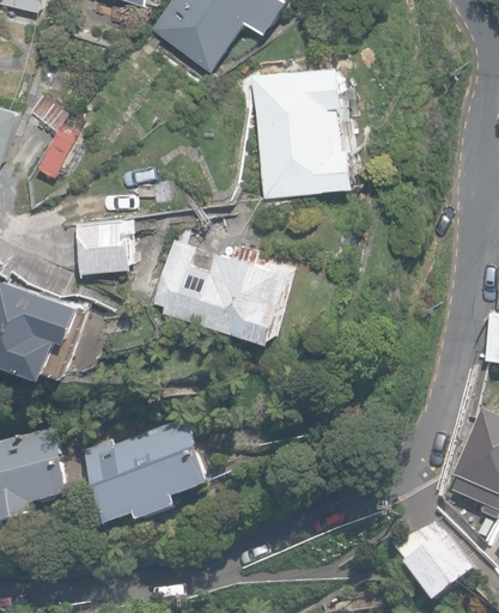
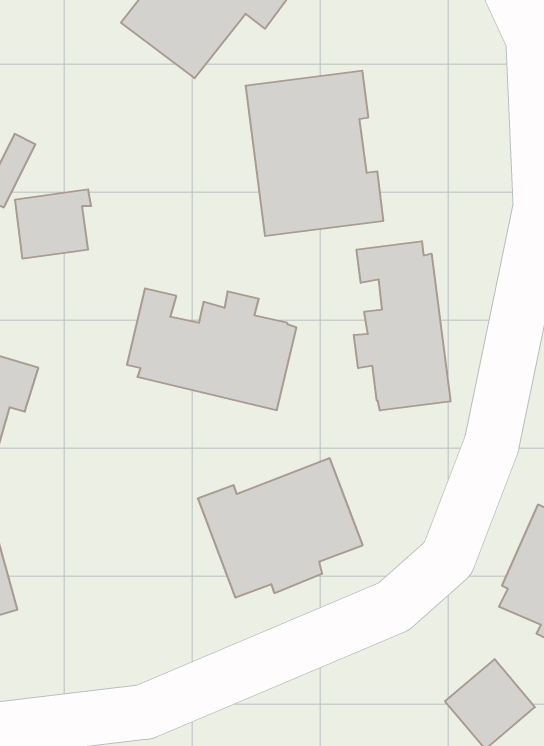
building: none -> [354,241,451,411]
building: [75,218,136,273] -> [15,189,91,258]
building: [75,419,207,530] -> [198,458,363,598]

